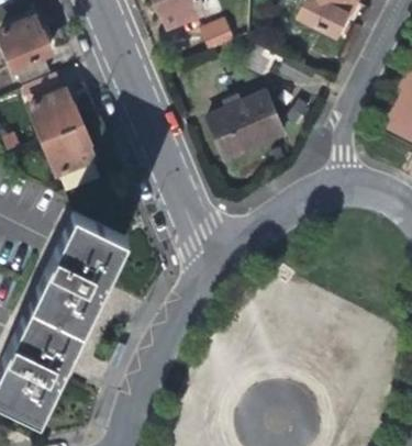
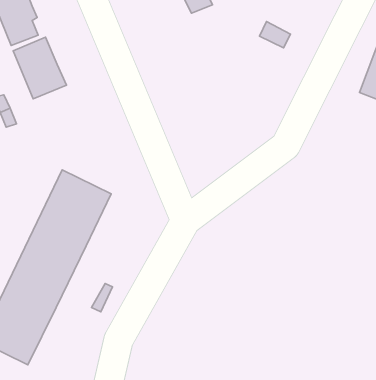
building: [210,94,286,160] -> none
building: [45,126,101,190] -> none

